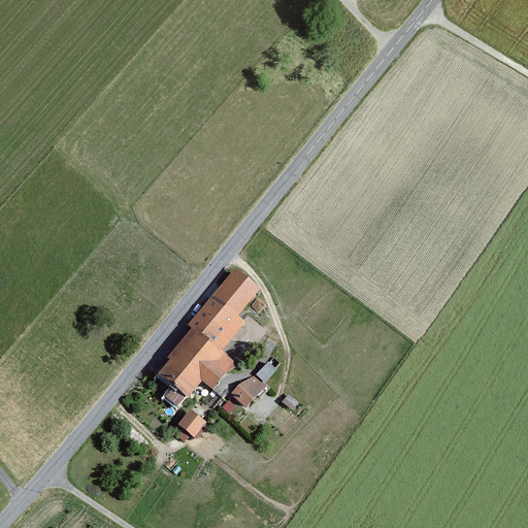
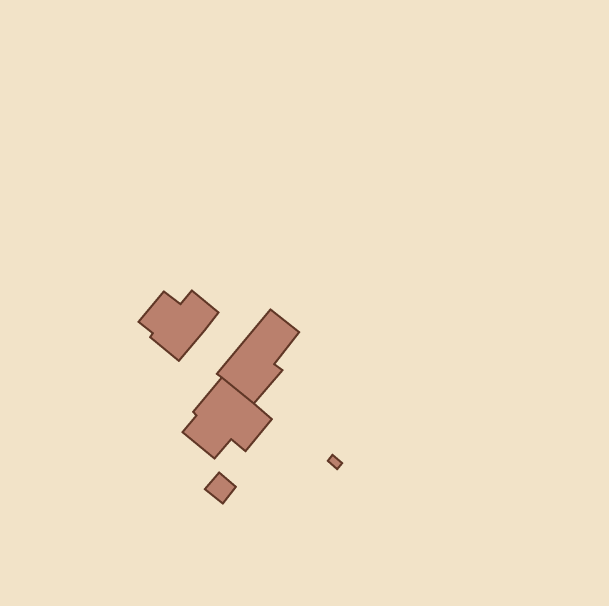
building: none -> [138,290,219,361]
building: [231,362,275,408] -> none

